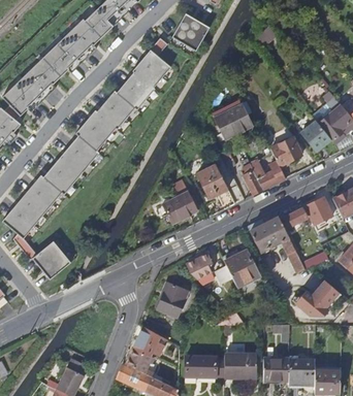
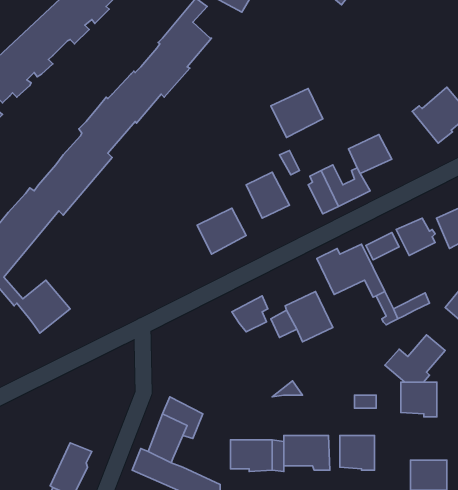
building: [299,120,329,151] -> none
building: [156,283,187,317] -> none
building: [288,360,314,385] -> [401,382,437,417]

